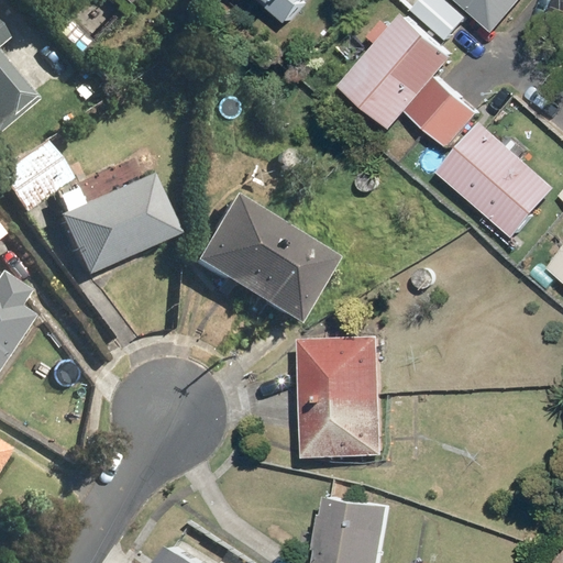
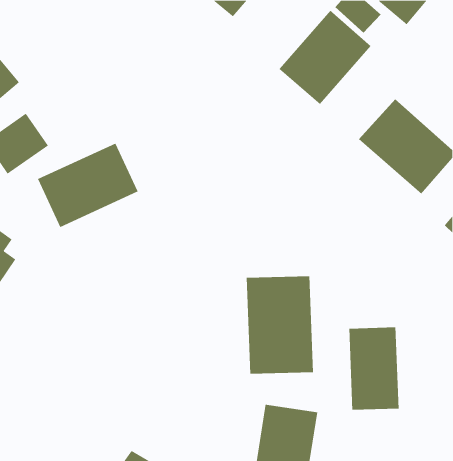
building: [404,77,475,147] -> none
building: [181,195,328,325] -> none
building: none -> [349,326,399,411]

